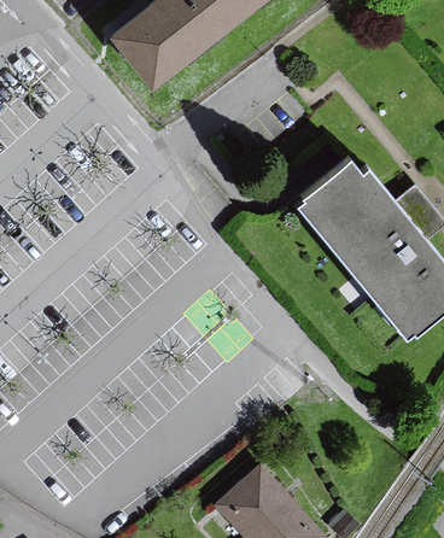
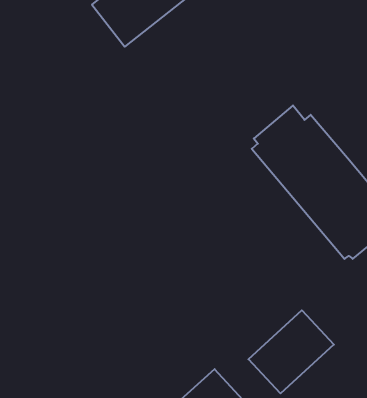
building: none -> [248,310,334,393]

